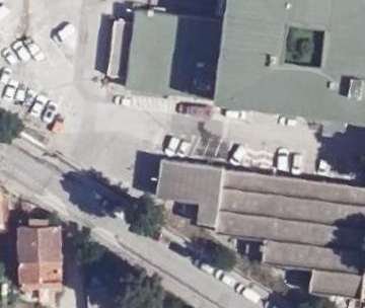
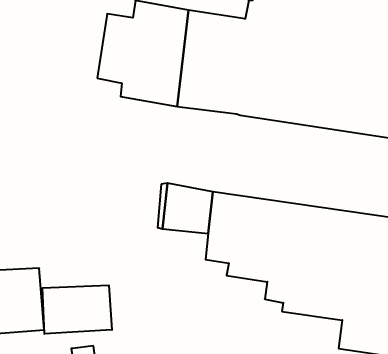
building: none -> [43,285,112,334]

